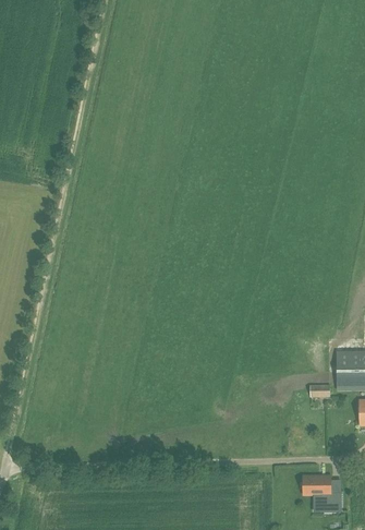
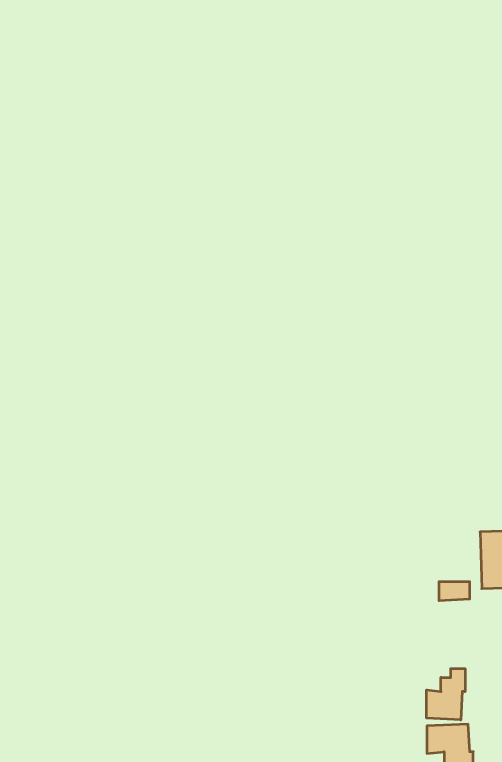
building: none -> [427,669,465,720]

